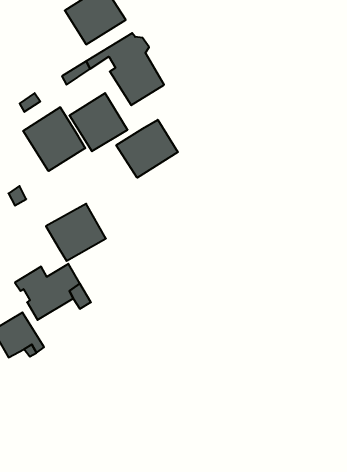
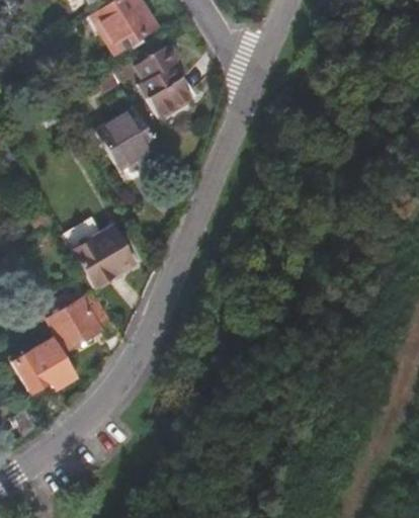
building: [23,107,85,171] -> none
building: [116,120,178,178] -> none

